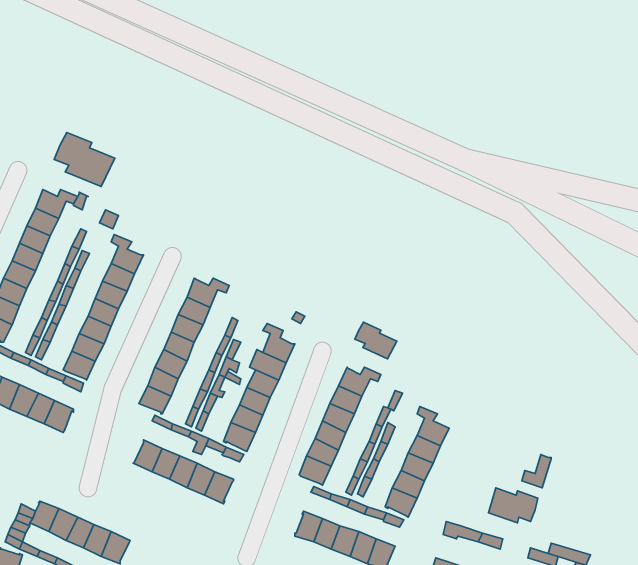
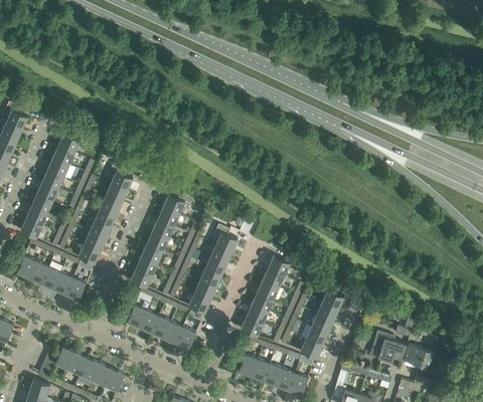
building: [54,132,115,187] -> none
building: [355,322,397,359] -> none
building: none -> [404,345,433,369]

